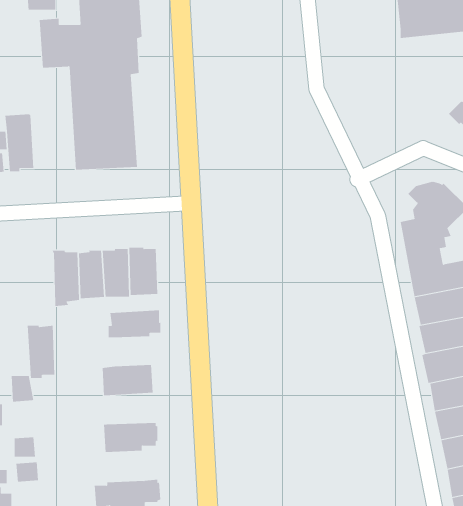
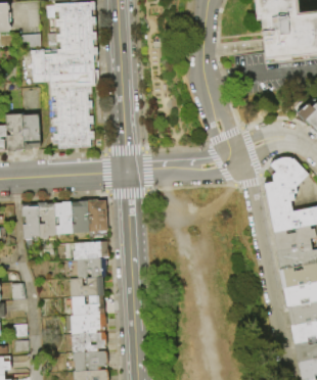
building: none -> [24,112,42,149]
building: [27,325,55,378] -> [20,203,39,238]
building: none -> [77,257,106,277]
building: none -> [72,294,105,315]
building: none -> [72,332,107,352]

